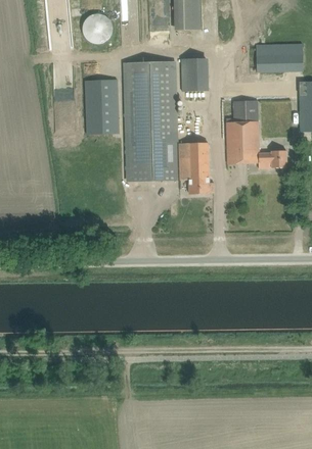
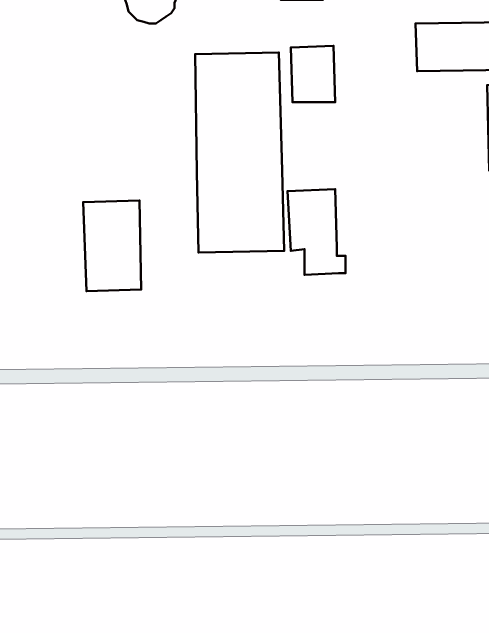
building: [84,81,119,135] -> [83,201,141,291]
building: [226,100,287,168] -> none

